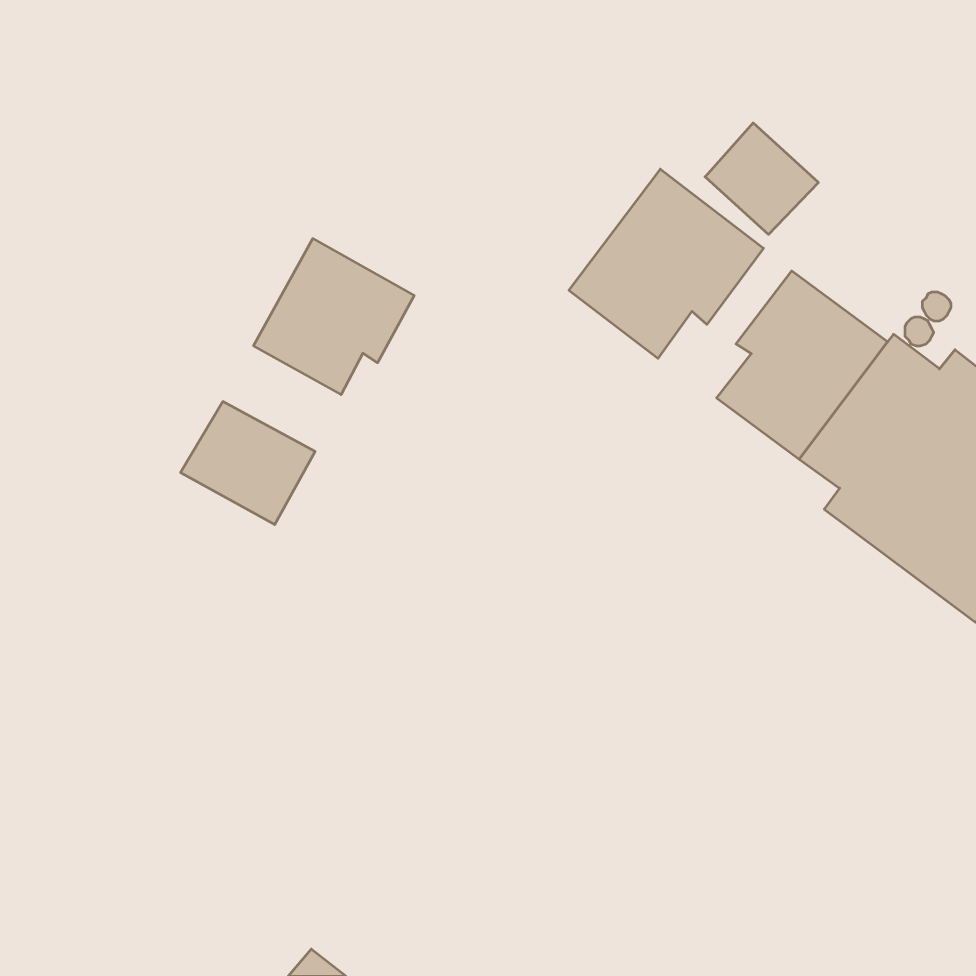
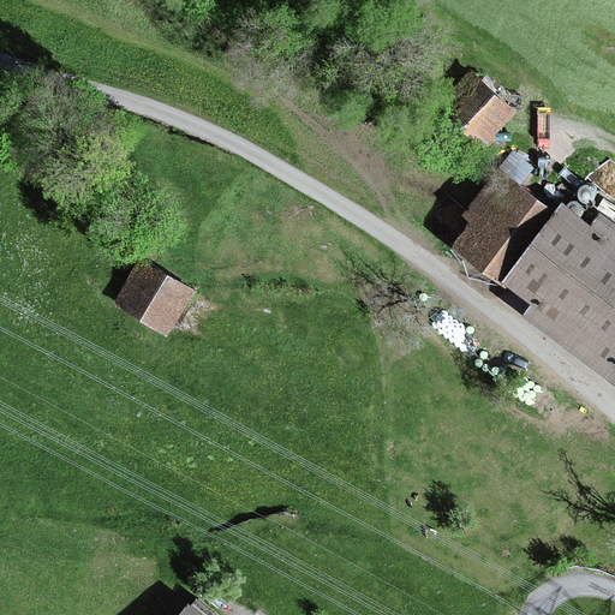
building: [569,169,763,358] -> none
building: [254,239,414,395] -> none

